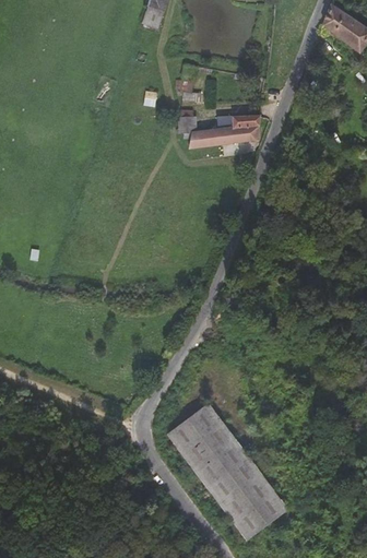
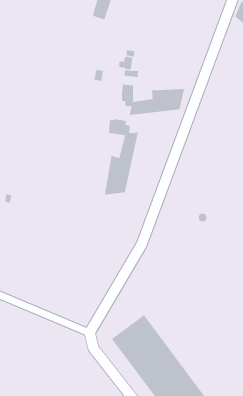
building: none -> [104,119,139,196]

